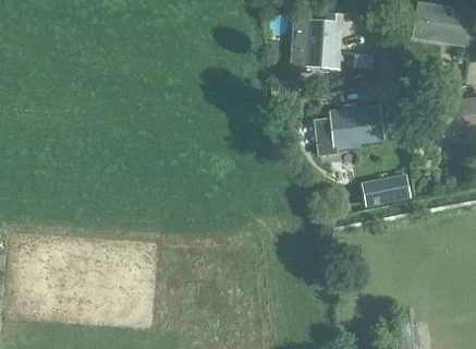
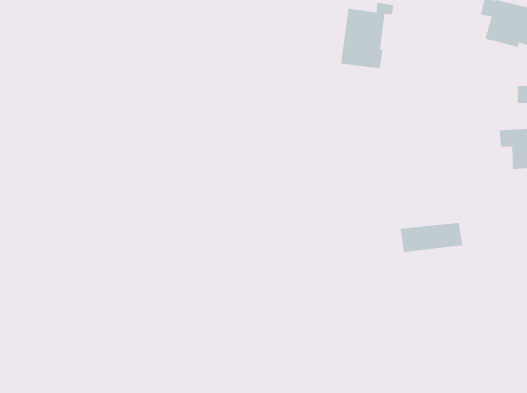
building: [314,107,382,155] -> none

